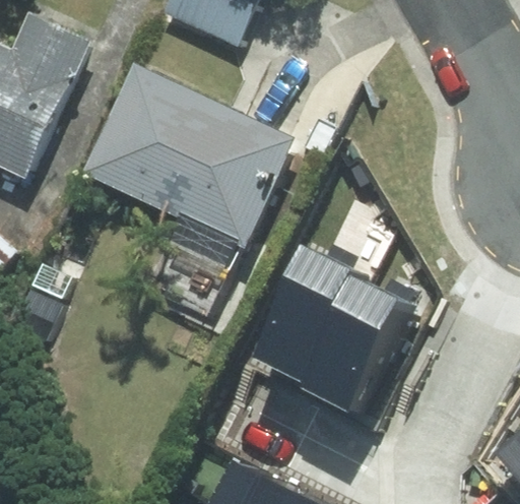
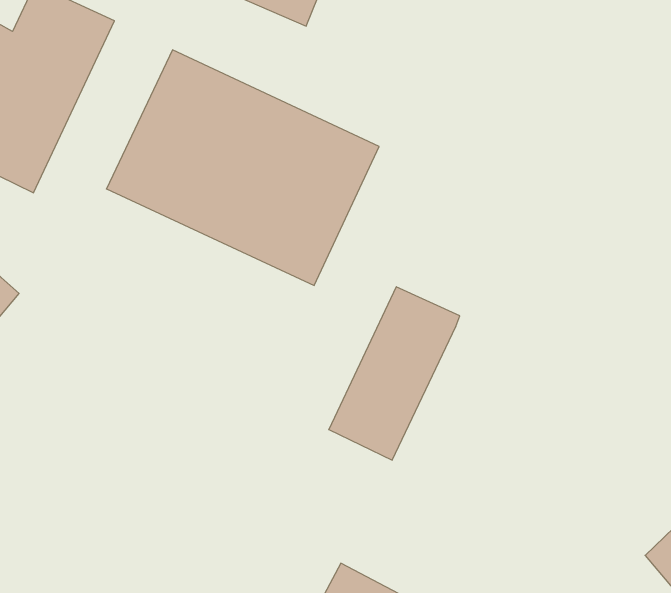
building: [299,277,400,411] -> none

